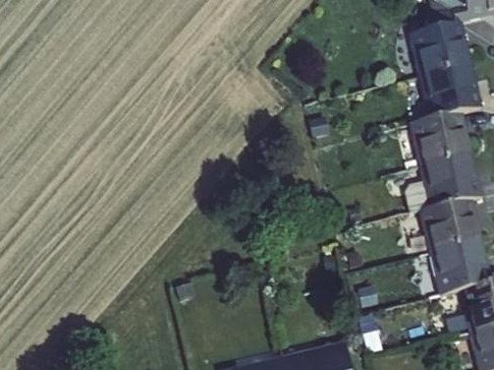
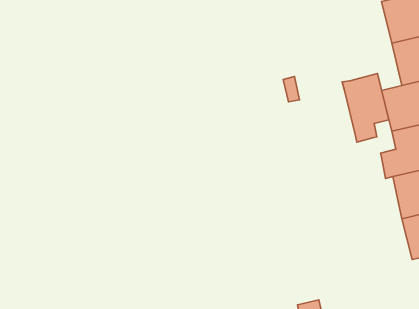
building: none -> [342,73,389,142]

